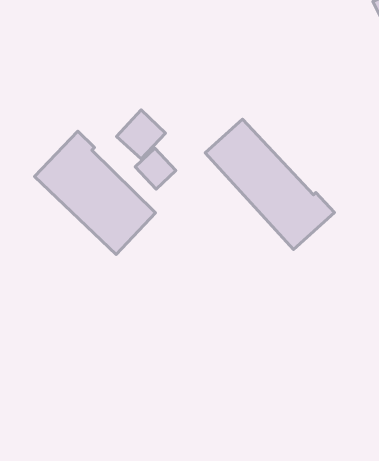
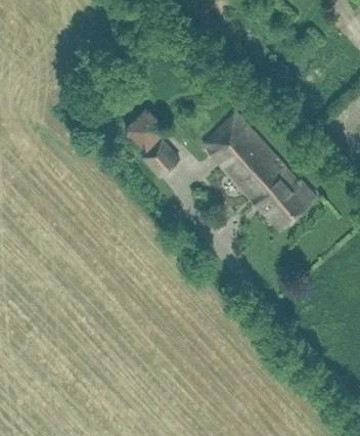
building: [35,131,155,254] -> none

